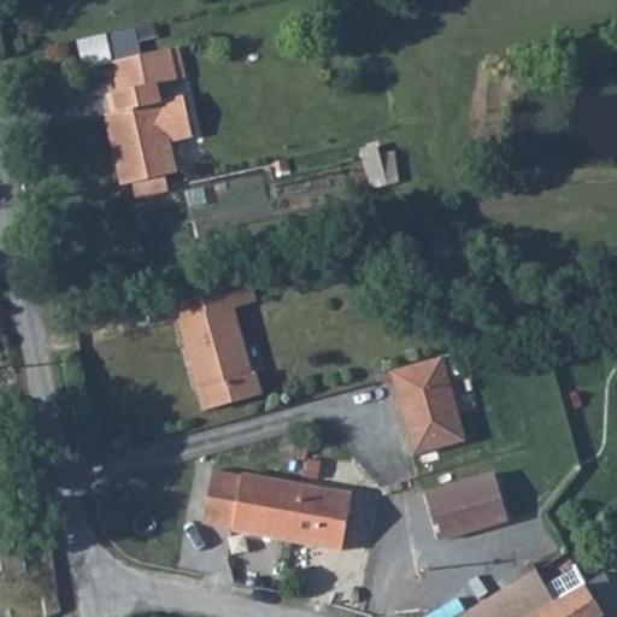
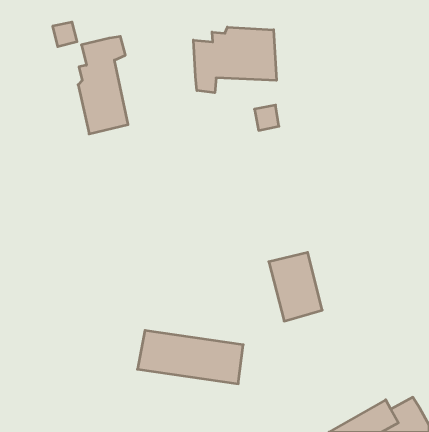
building: none -> [193,27,276,93]
building: [178,283,264,415] -> none
building: [427,475,513,542] -> none

